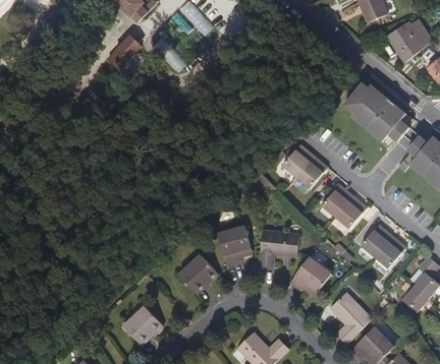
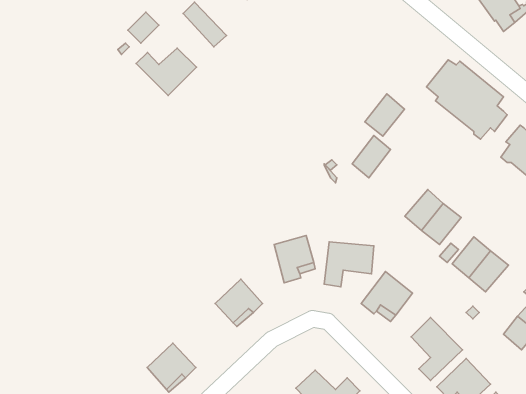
building: none -> [136,48,196,95]
building: [297,155,329,188] -> [365,94,405,136]

